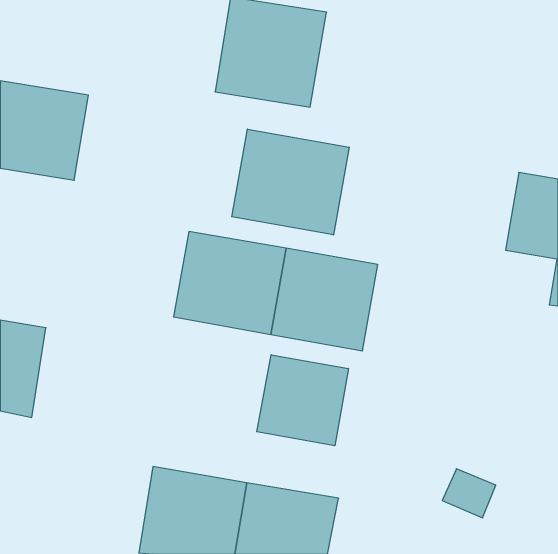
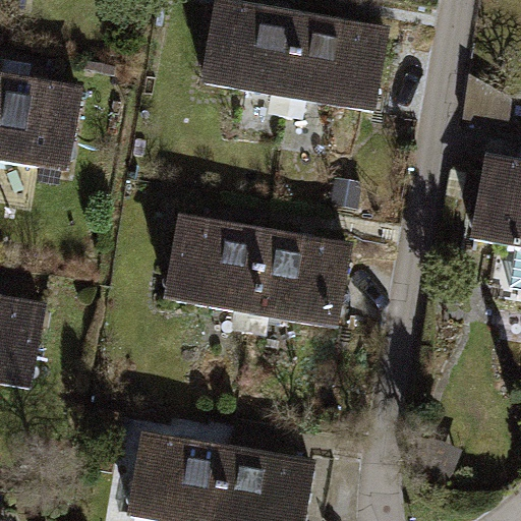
building: none -> [289,11,393,114]
building: [232,129,349,235] -> none
building: [257,355,348,446] -> none

